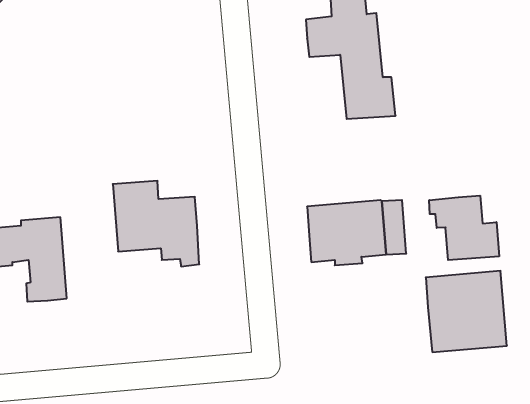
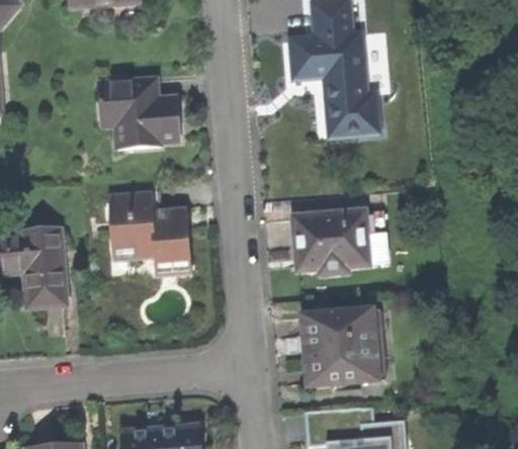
building: none -> [97,79,180,149]
building: [429,196,499,260] -> none
building: [426,271,507,352] -> [303,309,379,386]

